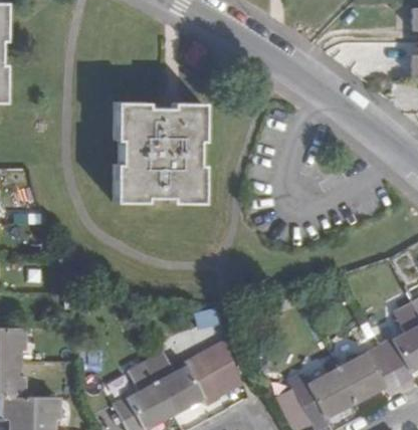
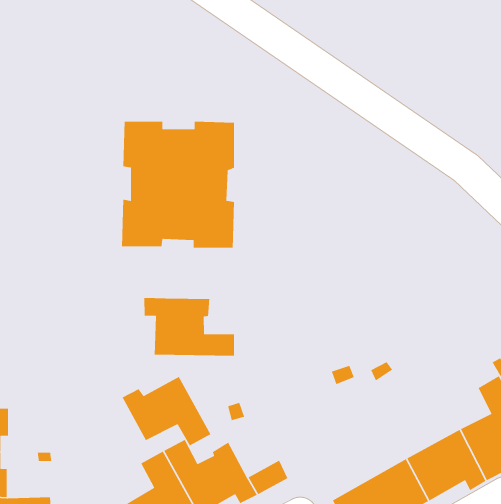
building: none -> [143,297,235,356]
building: none -> [121,376,212,446]
building: [198,339,238,383] -> none

